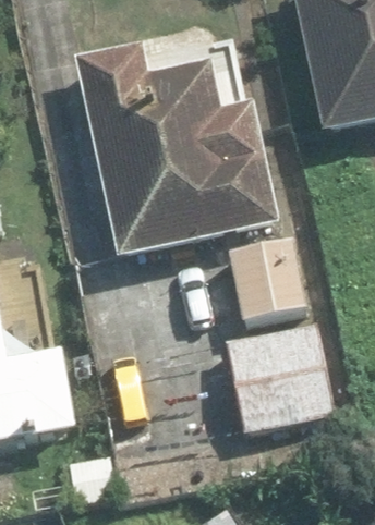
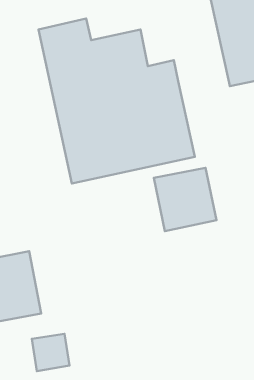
building: [226,322,332,431] -> none

